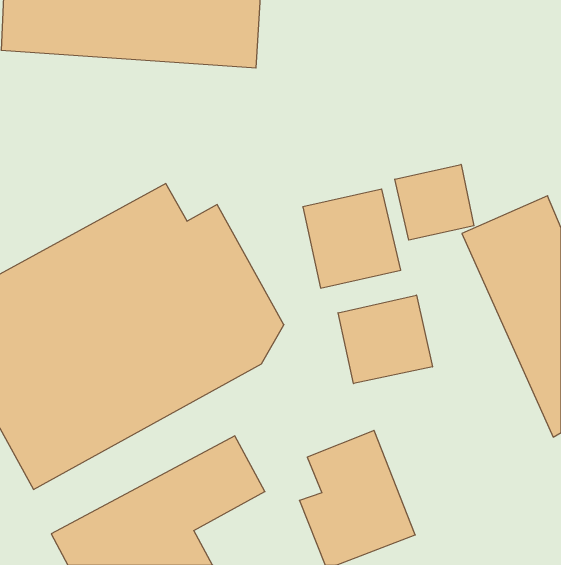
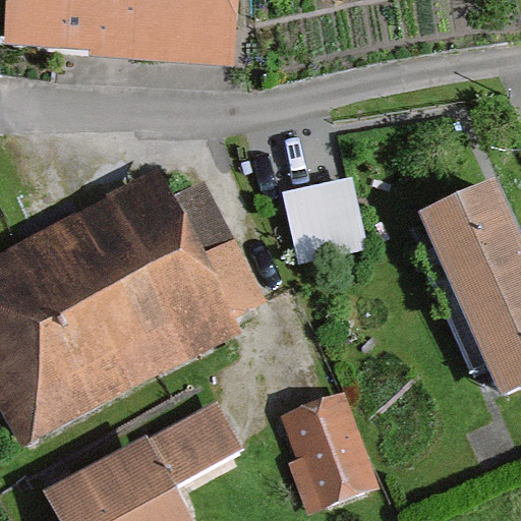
building: [395,164,474,240] -> none
building: [338,295,432,384] -> none

